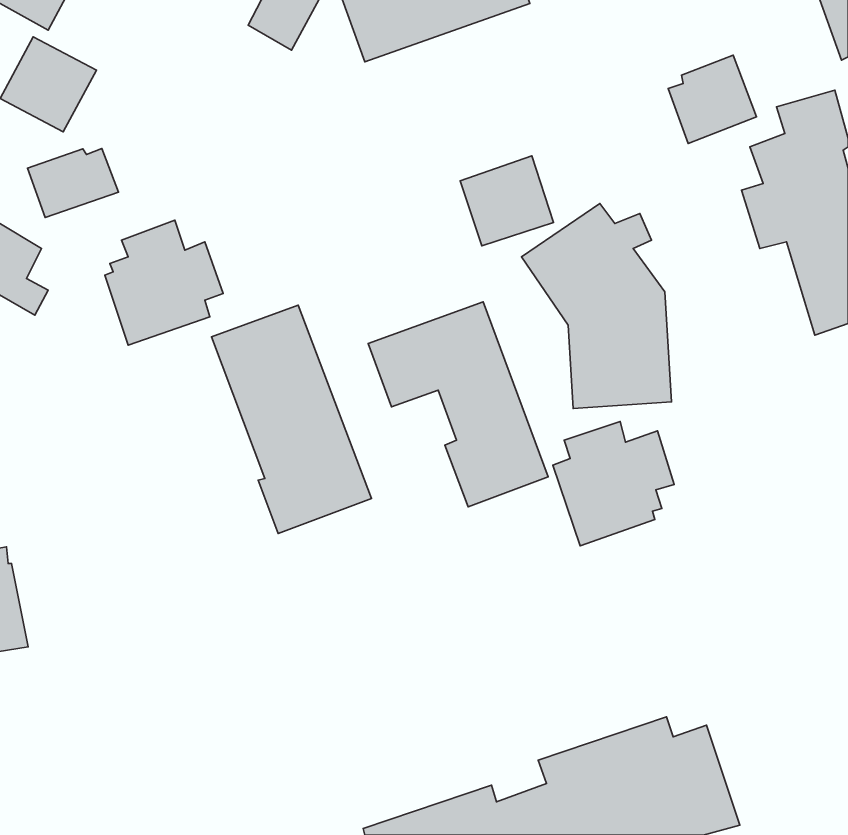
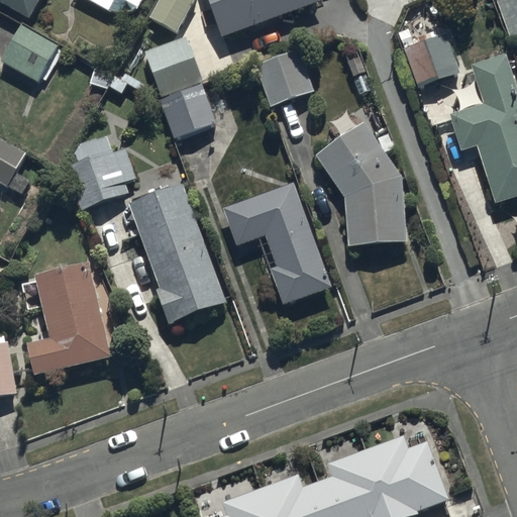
building: none -> [143,37,214,137]
building: [27,149,118,217] -> none
building: [460,156,554,246] -> [256,49,313,104]
building: [553,421,674,546] -> none
building: none -> [24,264,112,378]

